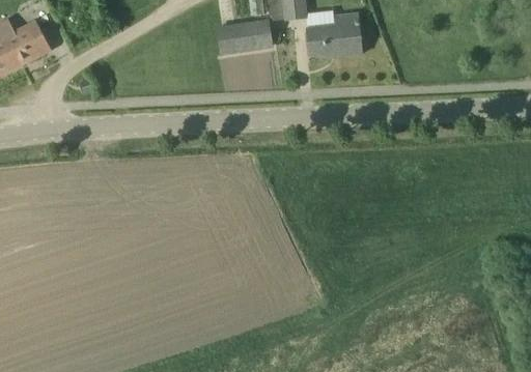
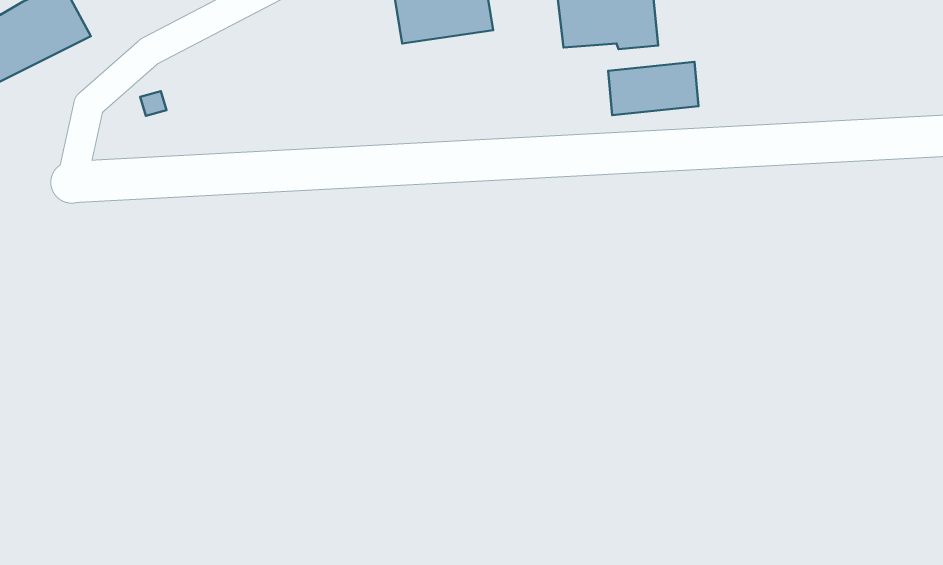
building: none -> [608,62,698,115]

